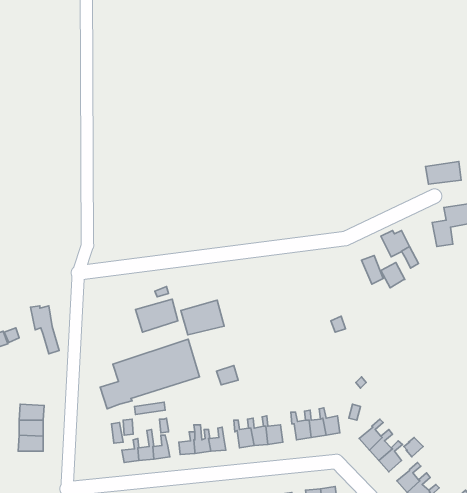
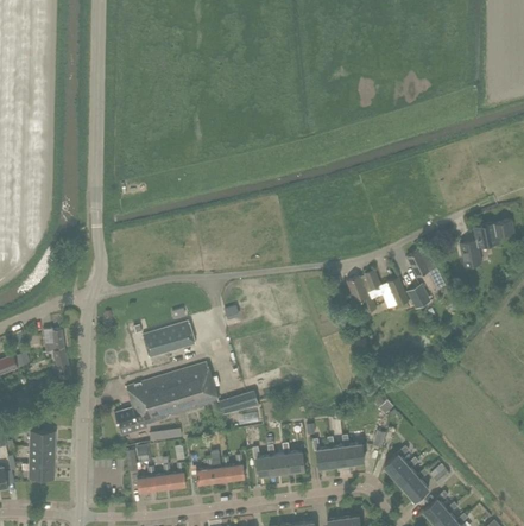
building: [425,162,461,184] -> none
building: none -> [346,271,380,313]
building: [181,300,224,335] -> none

